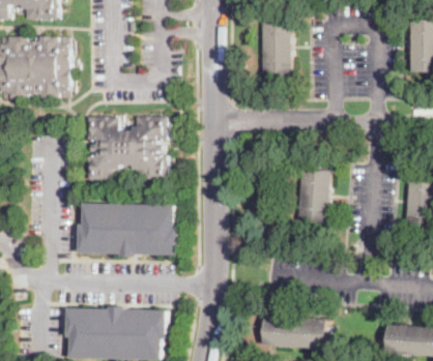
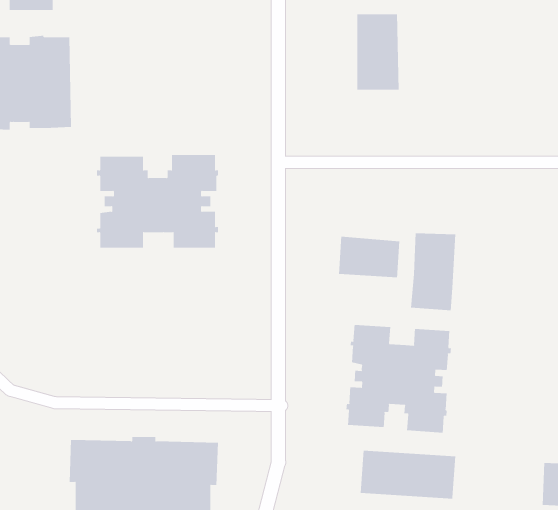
building: none -> [338,236,400,278]
building: [79,203,179,258] -> none
building: none -> [346,324,451,433]

